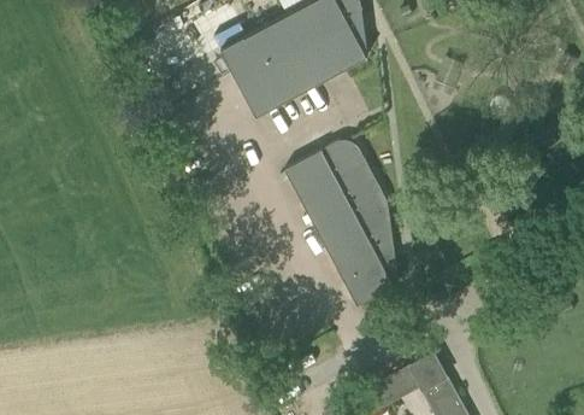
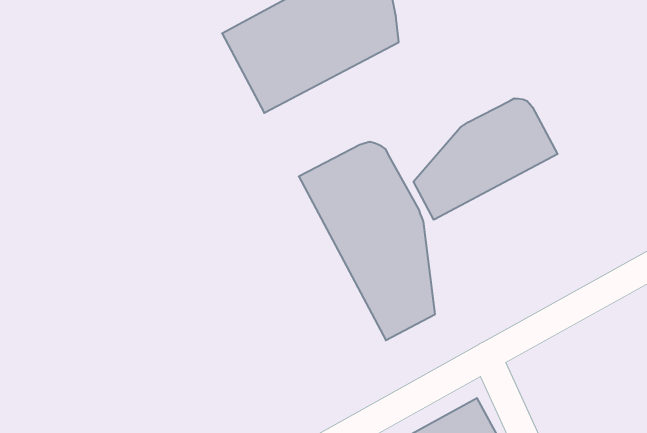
building: none -> [414,98,558,220]

